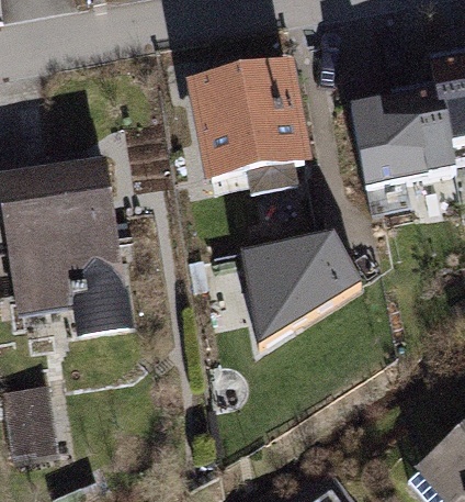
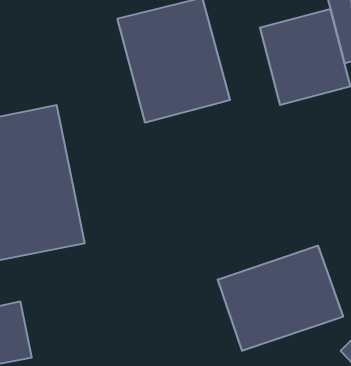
building: [243,221,358,341] -> none
building: none -> [218,246,343,351]

